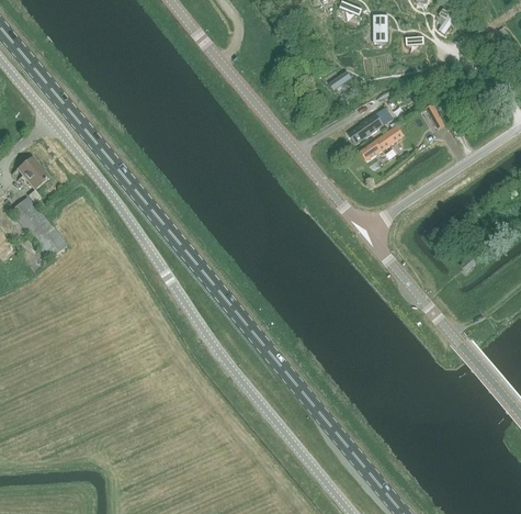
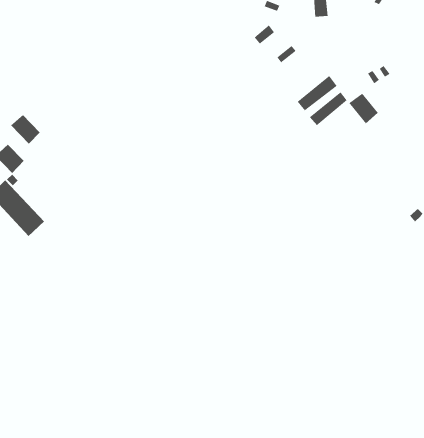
building: none -> [10,114,41,145]
building: none -> [349,93,379,124]

